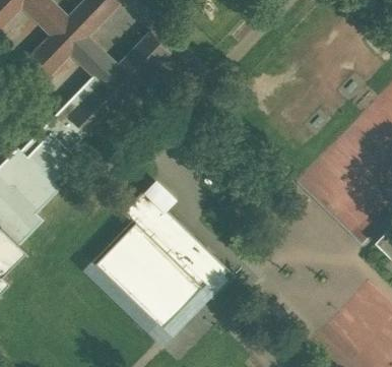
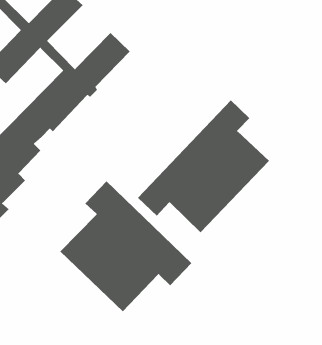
building: none -> [137,100,270,233]

